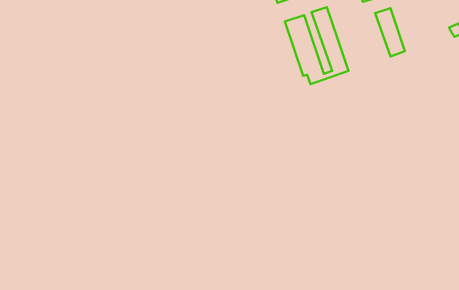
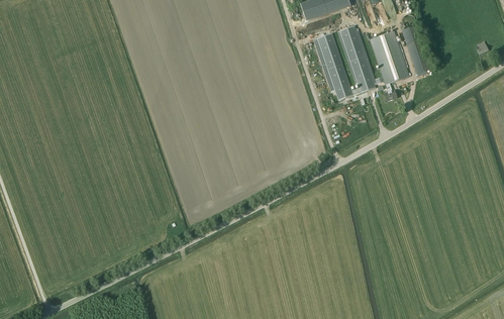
building: none -> [370,30,410,100]

